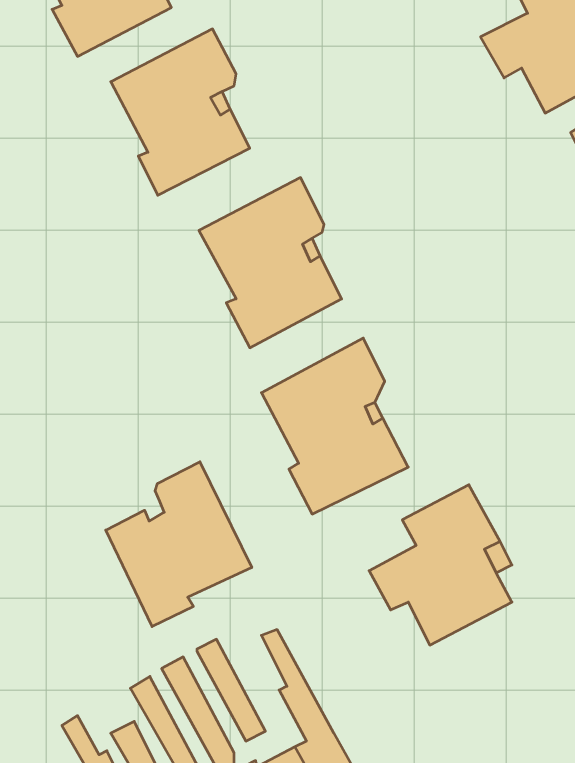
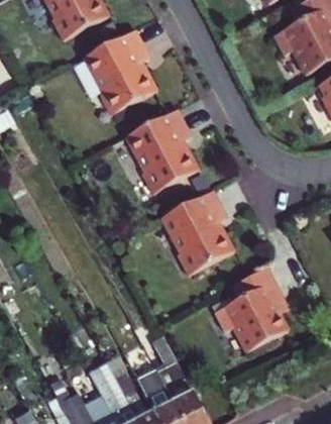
building: [106,462,252,627] -> none

